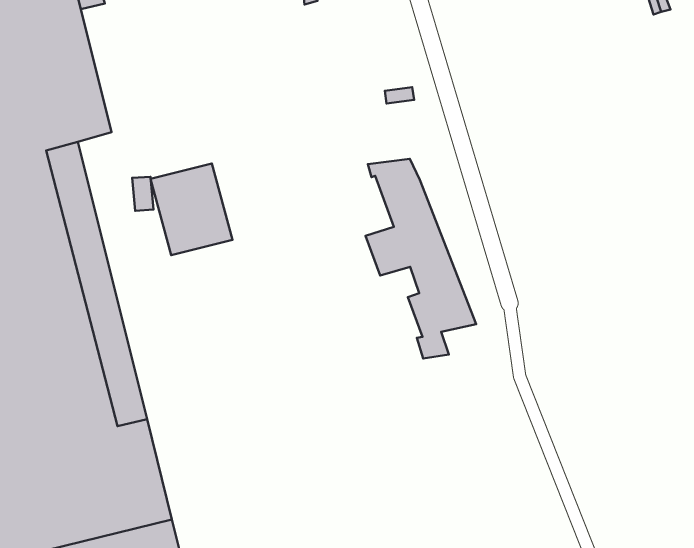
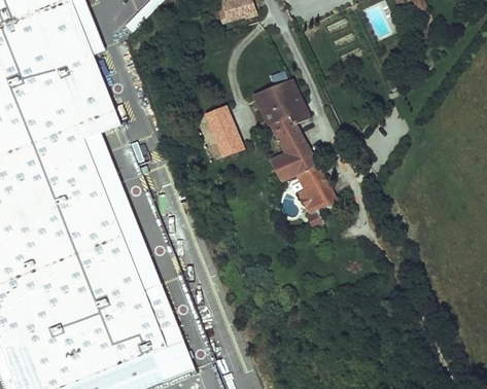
building: none -> [255,80,311,125]
building: [151,163,232,255] -> [194,107,245,163]

